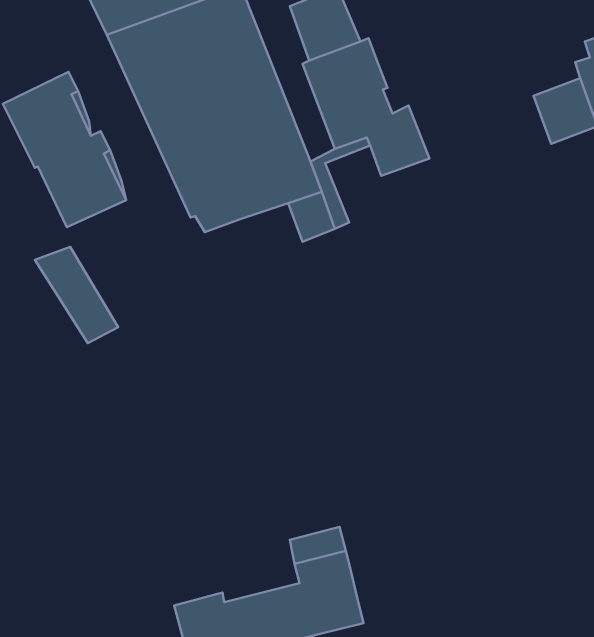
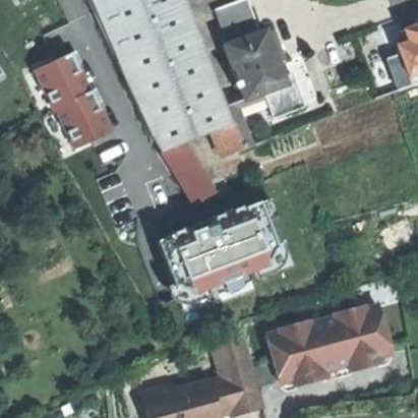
building: [35,247,118,343] -> [164,144,217,205]
building: none -> [158,202,280,295]
building: none -> [255,302,393,384]

